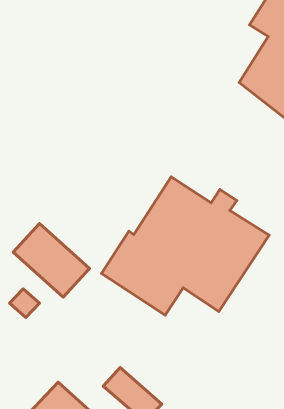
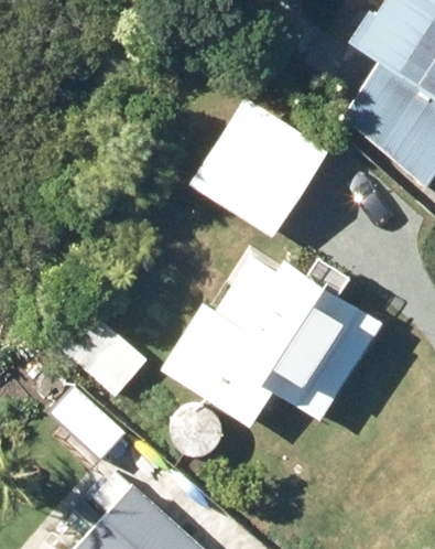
building: none -> [188,96,326,236]

